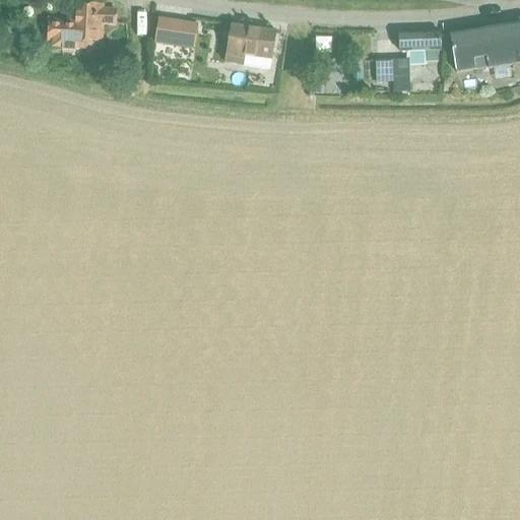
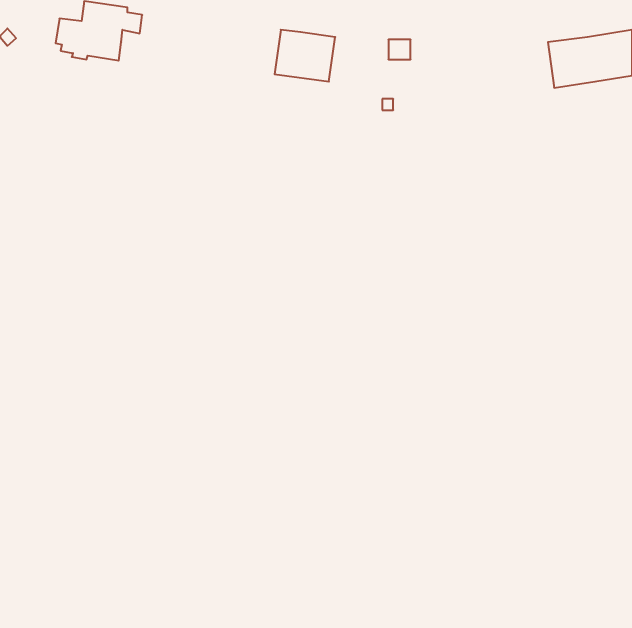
building: [155,16,197,45] -> none
building: [376,31,438,89] -> none

